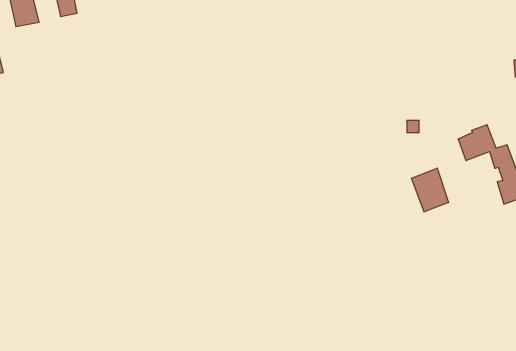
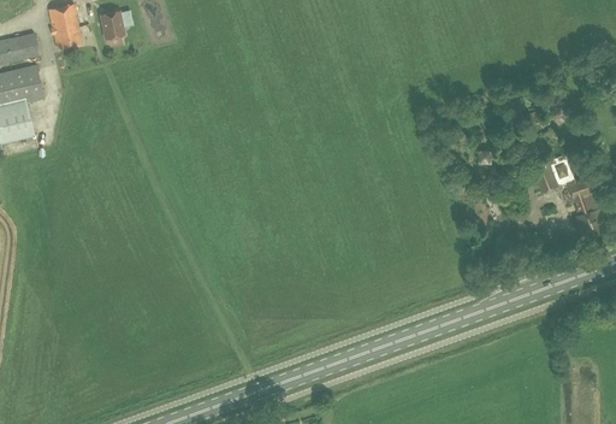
building: [412,168,449,212] -> none

